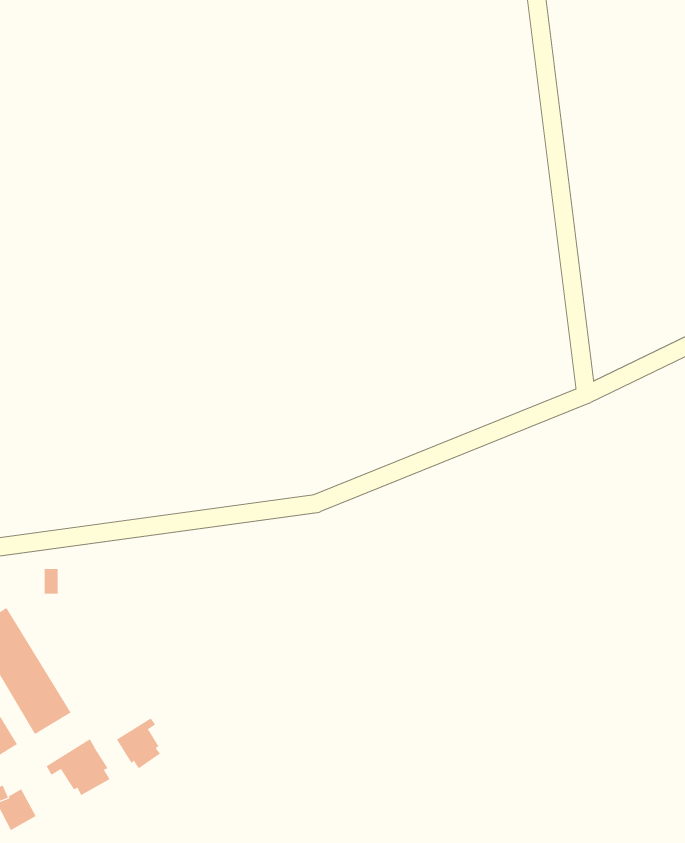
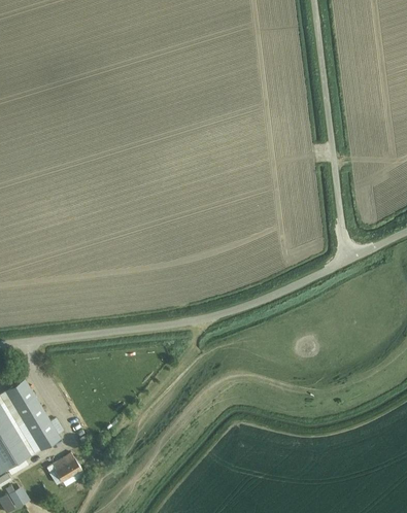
building: [116,717,161,769] -> none

